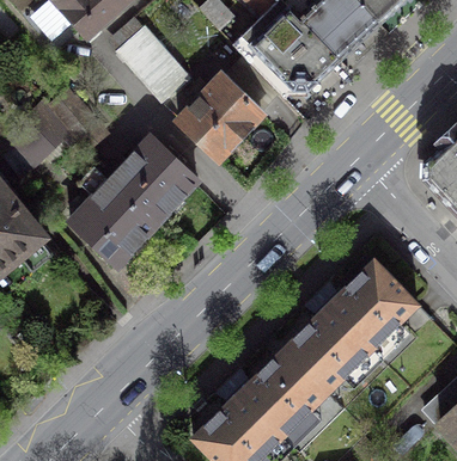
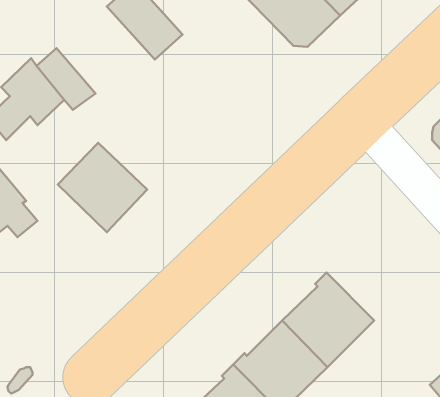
building: [178,74,261,158] -> none
building: [109,136,196,223] -> none
building: [325,259,416,348] -> none

